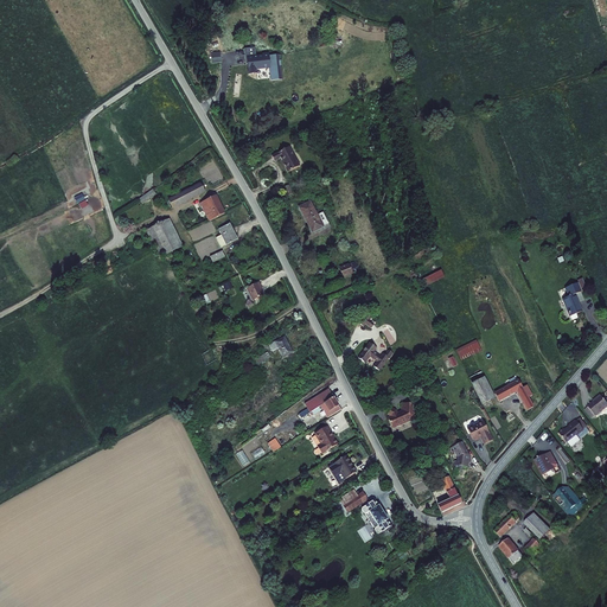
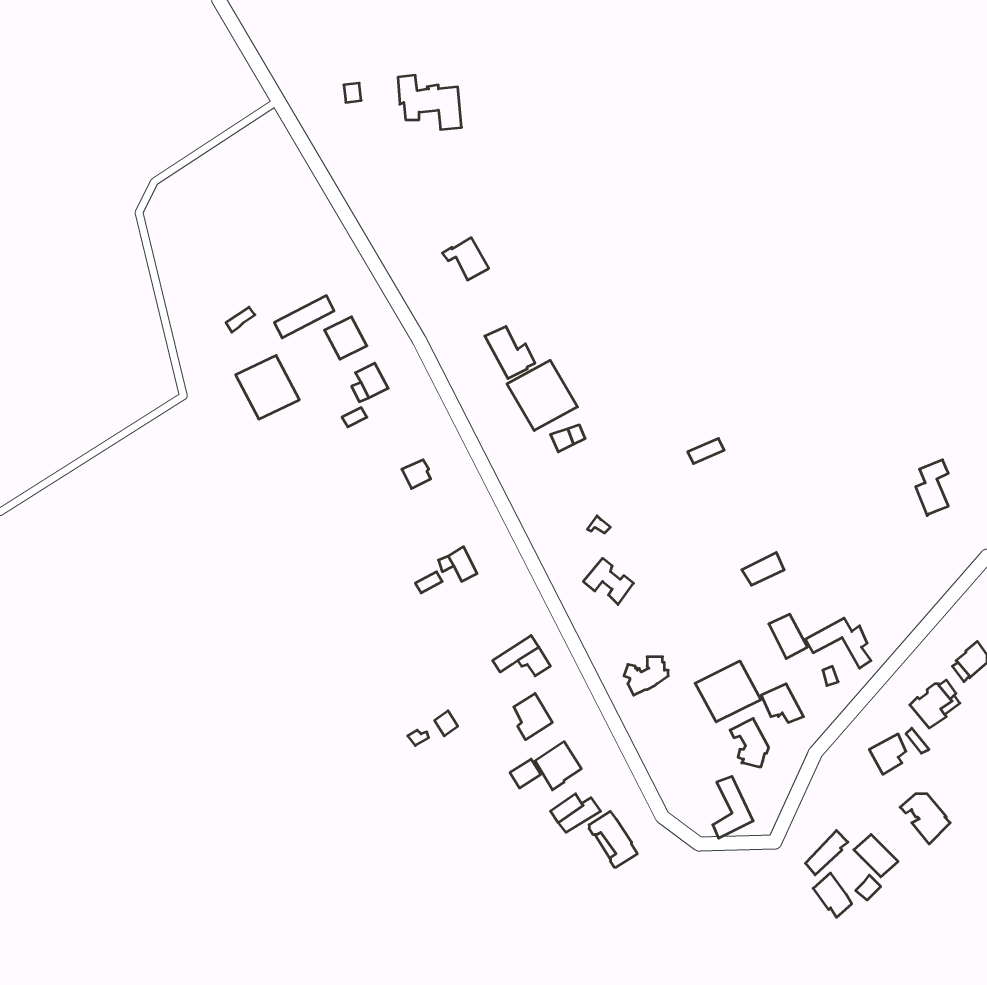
building: none -> [507,360,578,431]
building: none -> [695,661,761,722]

